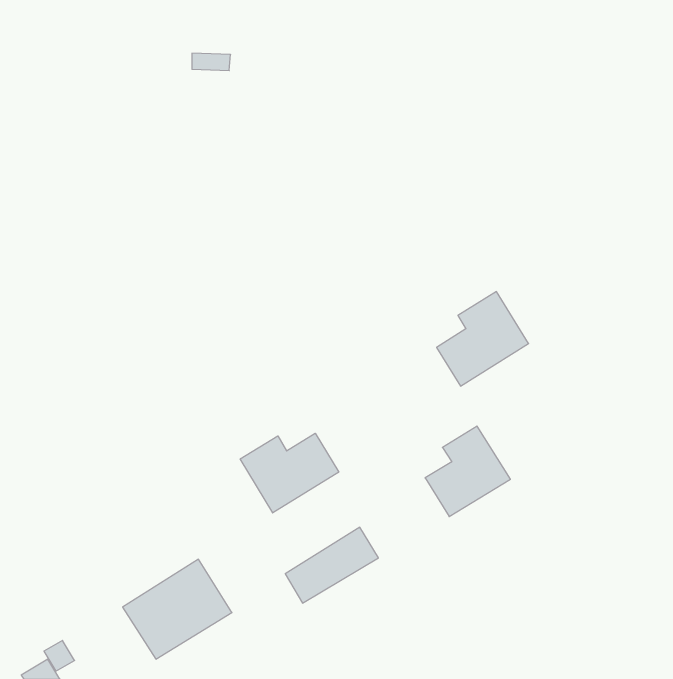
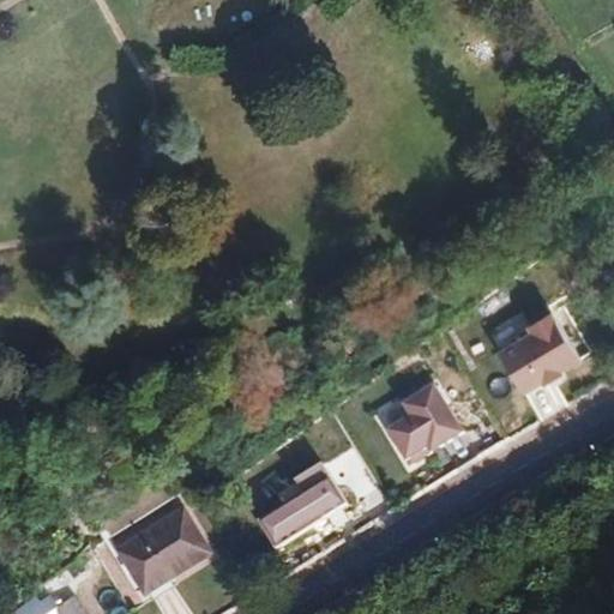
building: [437,292,529,386] -> [500,303,583,389]
building: [240,433,339,513] -> none

